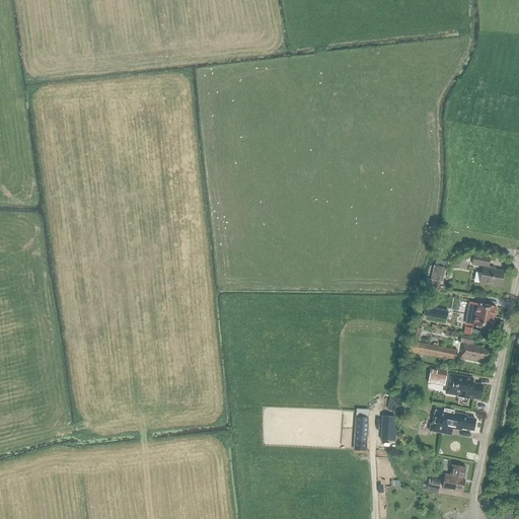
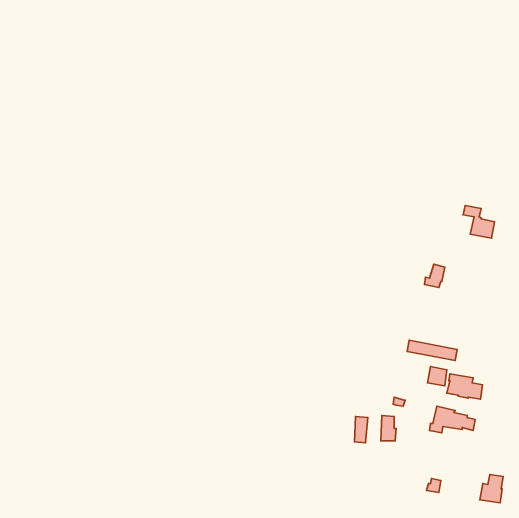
building: [472,254,504,287] -> [463,206,494,238]
building: [471,302,497,328] -> none
building: [459,333,489,361] -> none
building: [442,464,465,493] -> [480,474,503,503]

